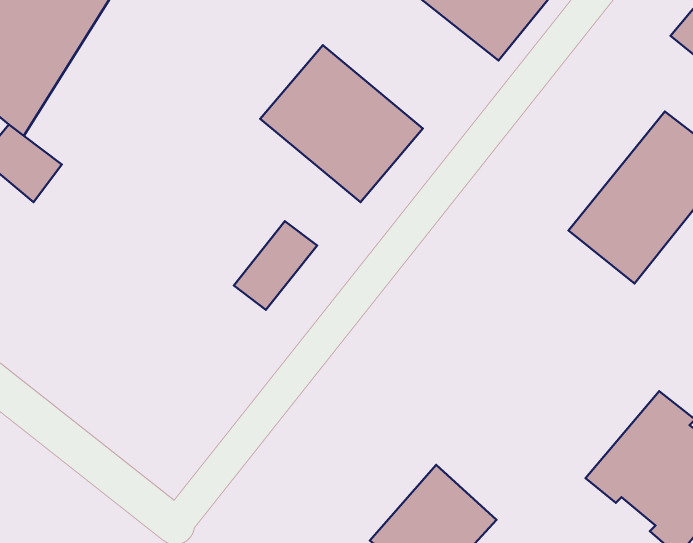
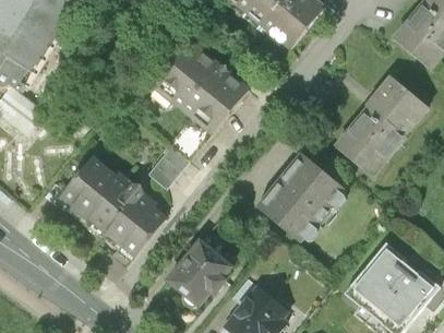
building: none -> [260,151,347,241]
building: none -> [56,153,168,259]
building: none -> [167,235,240,309]

